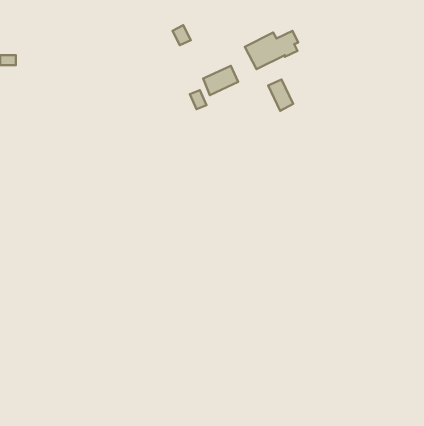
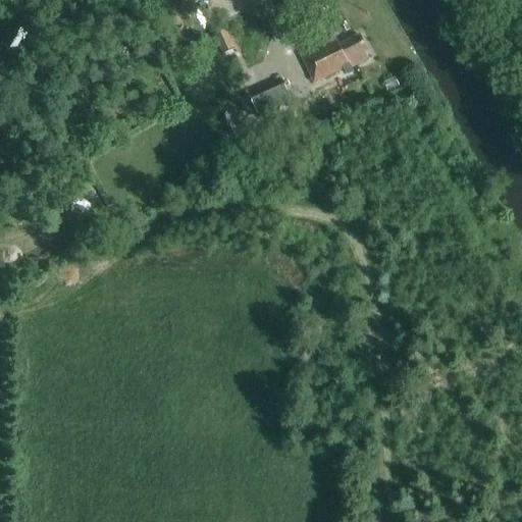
building: [268,79,293,111] -> none

